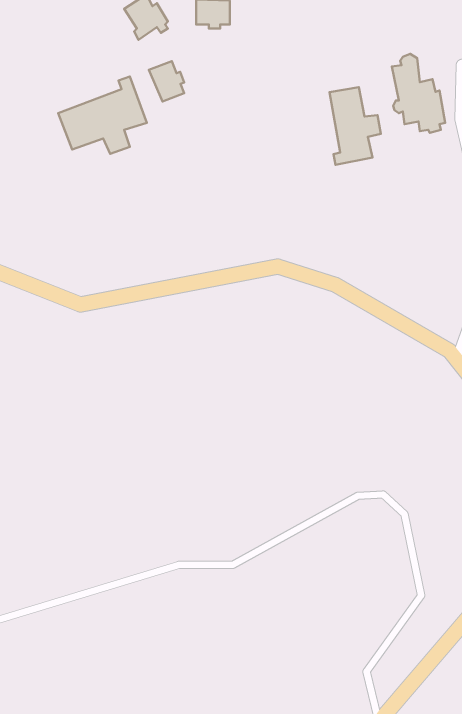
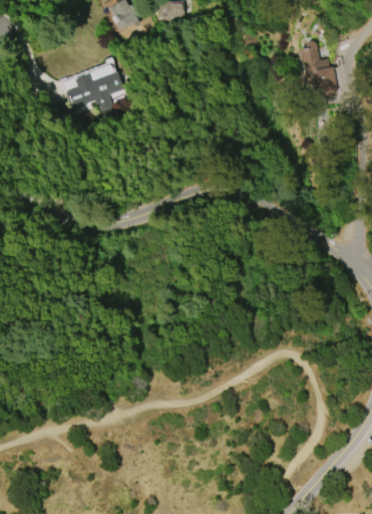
building: [149,61,184,102] -> none
building: [329,87,381,165] -> none

